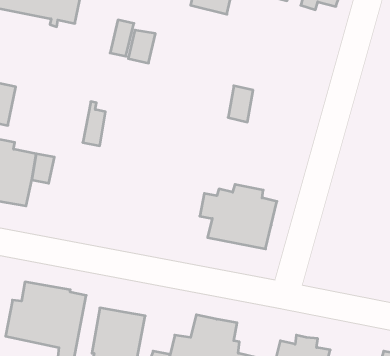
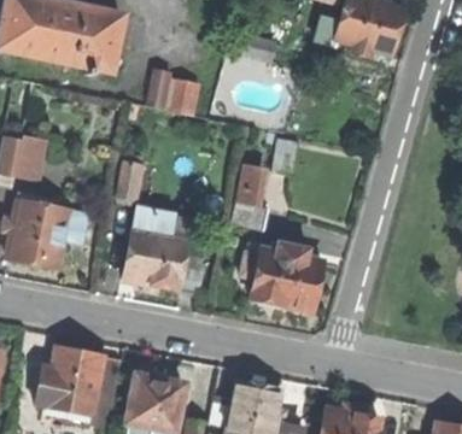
building: none -> [234,165,270,230]
building: none -> [123,209,206,295]

